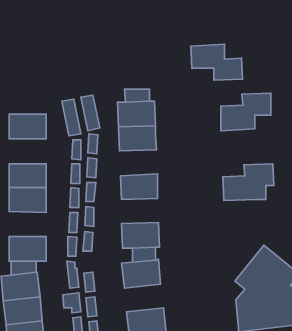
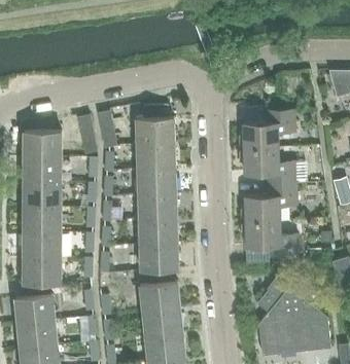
building: [191,44,243,80] -> [242,147,295,184]
building: none -> [23,157,61,183]
building: none -> [137,169,176,195]
building: none -> [139,219,177,245]
building: none -> [245,220,297,256]
building: none -> [23,232,61,258]
building: none -> [142,307,182,336]

